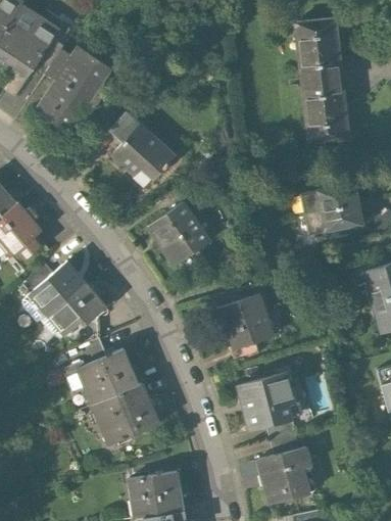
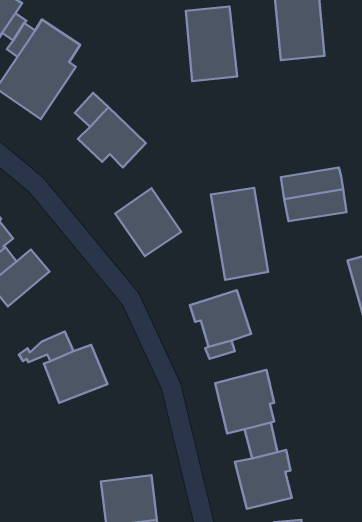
building: [301,80,349,149] -> [186,7,237,81]
building: none -> [211,188,268,280]
building: [47,281,105,336] -> none
building: [95,384,159,443] -> none

